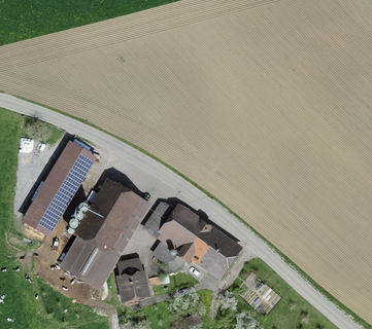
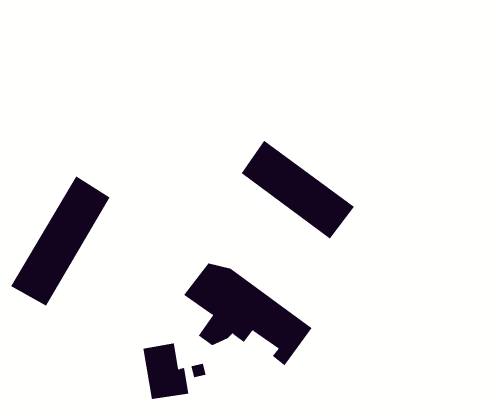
building: none -> [241,140,355,239]
building: [60,179,147,282] -> none

